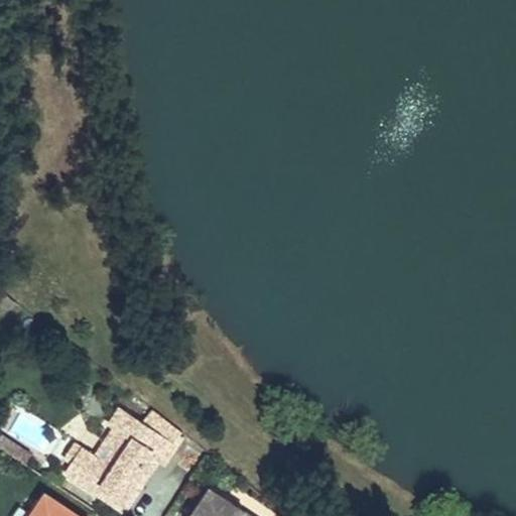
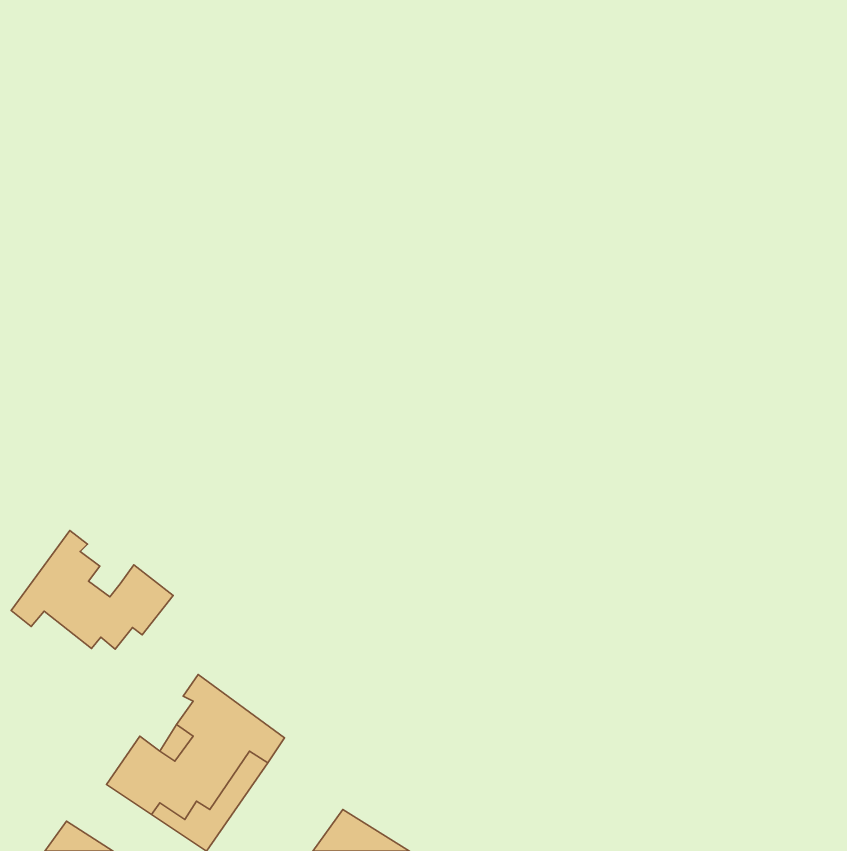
building: none -> [11,530,173,649]

